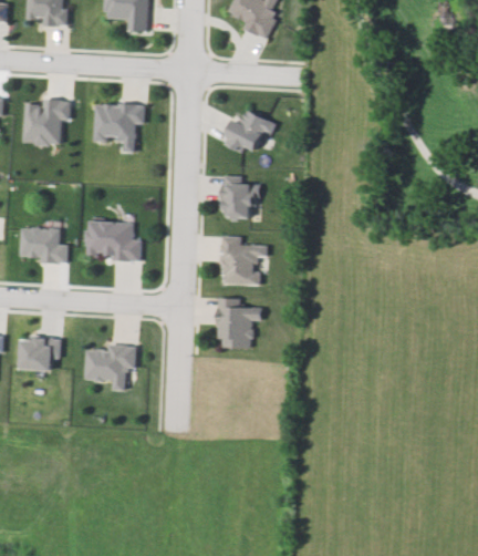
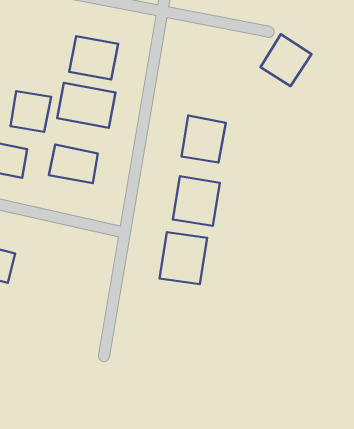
building: [24,103,63,142] -> [10,91,51,132]
building: [224,103,276,156] -> [261,34,312,86]
building: none -> [57,83,115,128]
building: [84,342,135,382] -> none

